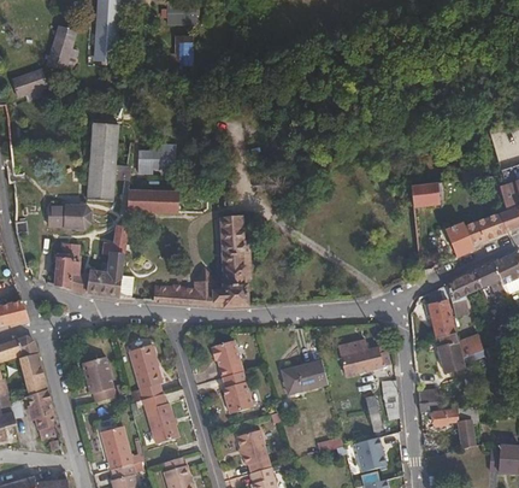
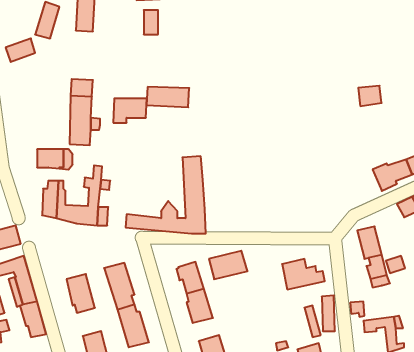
building: [411,183,438,207] -> [358,86,382,106]
building: [126,190,177,214] -> [146,87,189,107]
building: [446,272,482,316] -> none
building: [283,358,329,392] -> [209,251,248,279]

